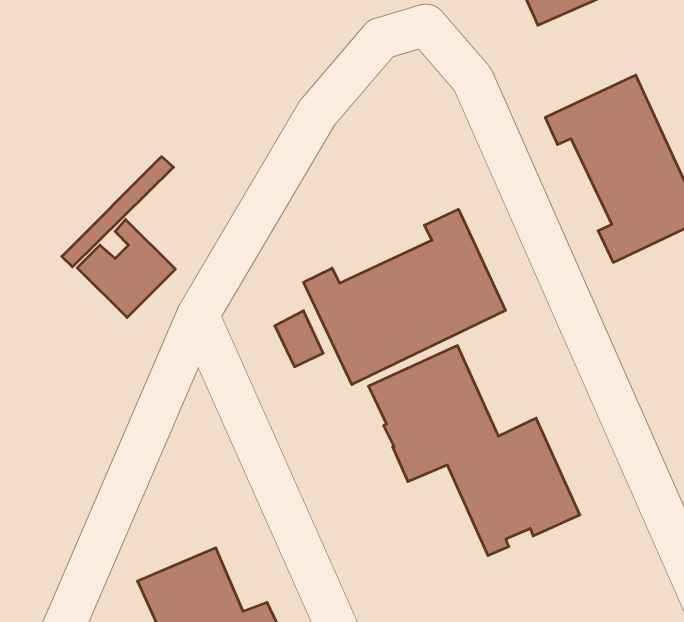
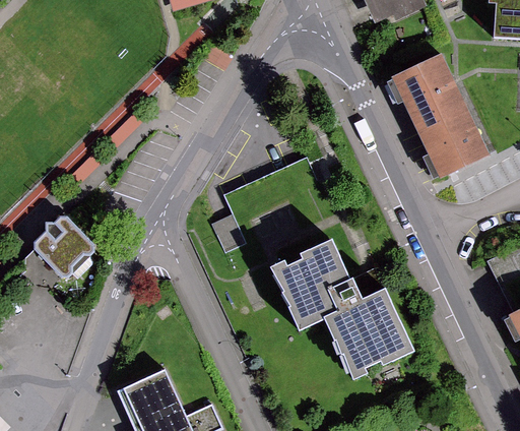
building: [304,209,506,385] -> none
building: [77,219,175,318] -> [32,214,99,281]

